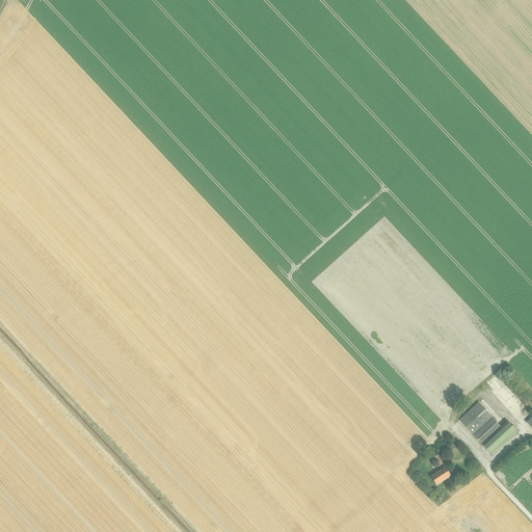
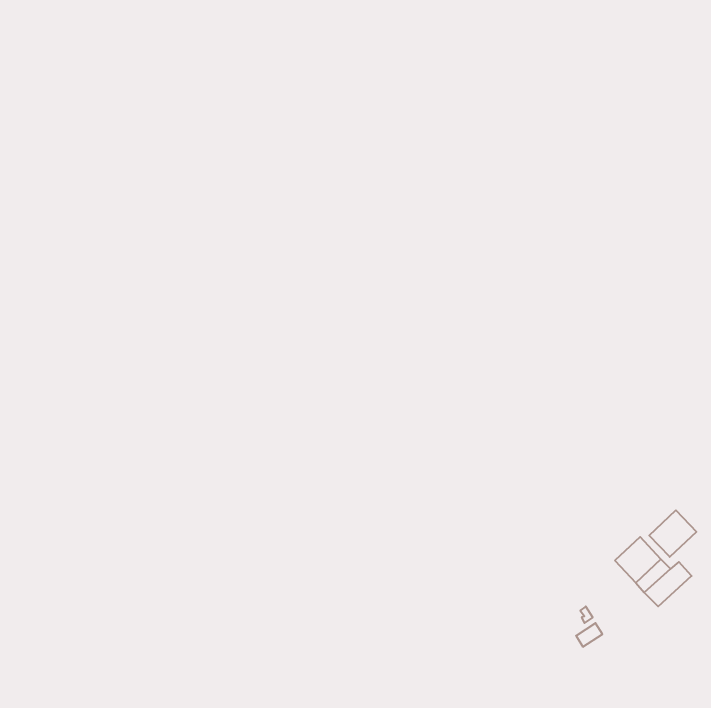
building: none -> [649,510,696,557]

